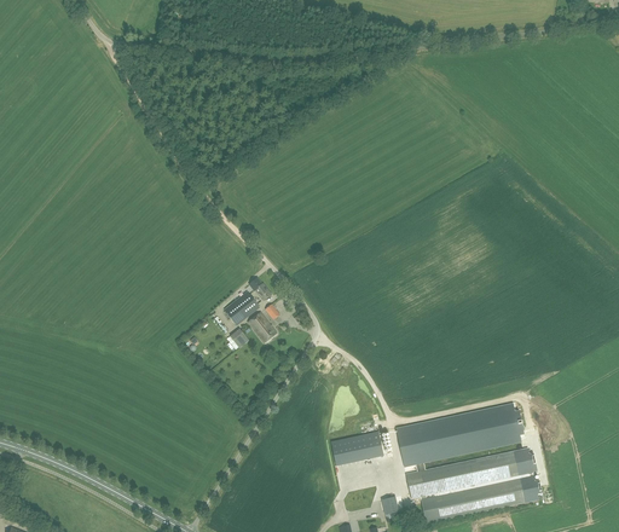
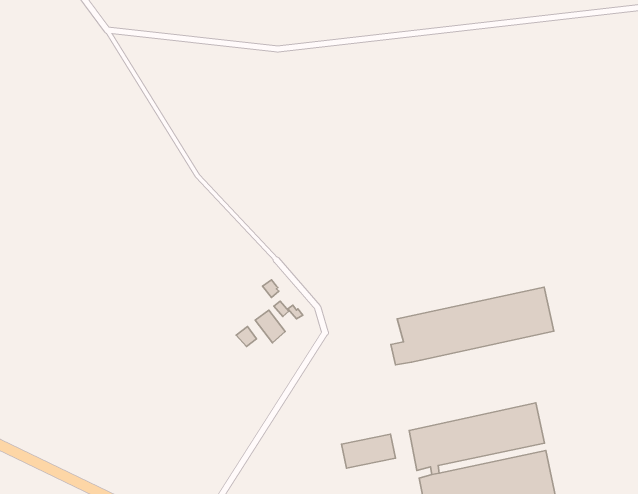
building: none -> [391,287,554,365]
building: [222,291,259,325] -> none

